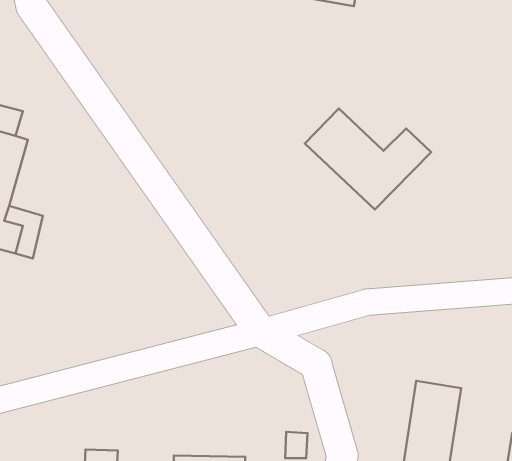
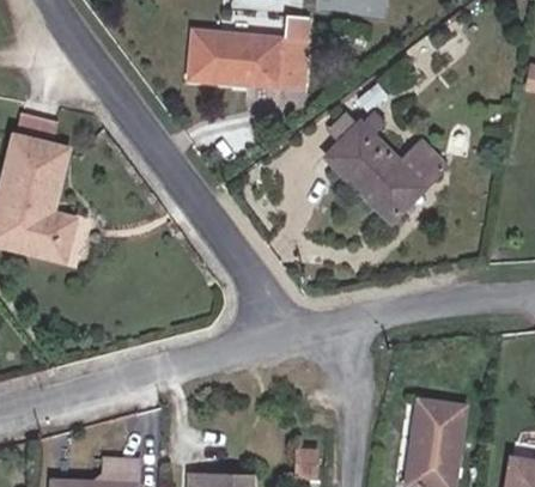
building: none -> [186,31,299,89]

